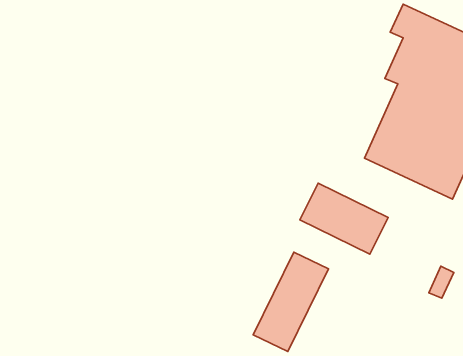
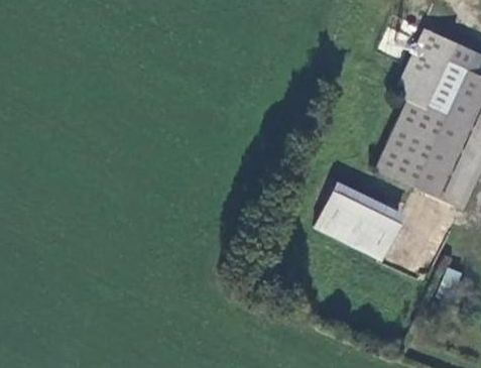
building: [253,252,329,351] -> none

